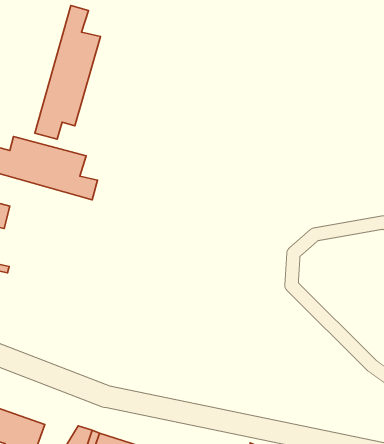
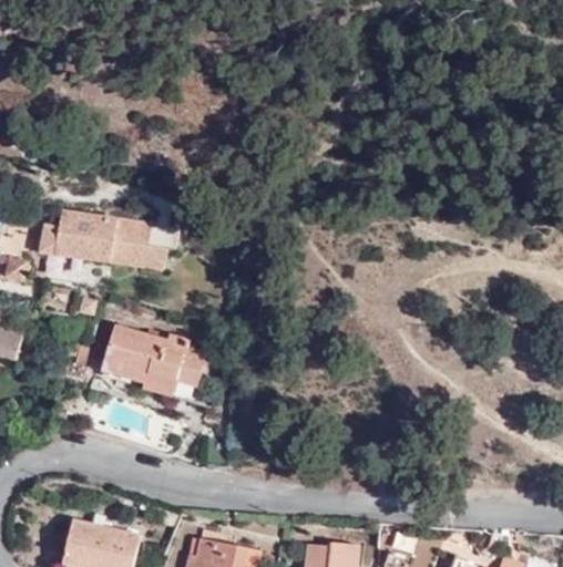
building: [35,5,101,139] -> none
building: none -> [102,324,206,395]

